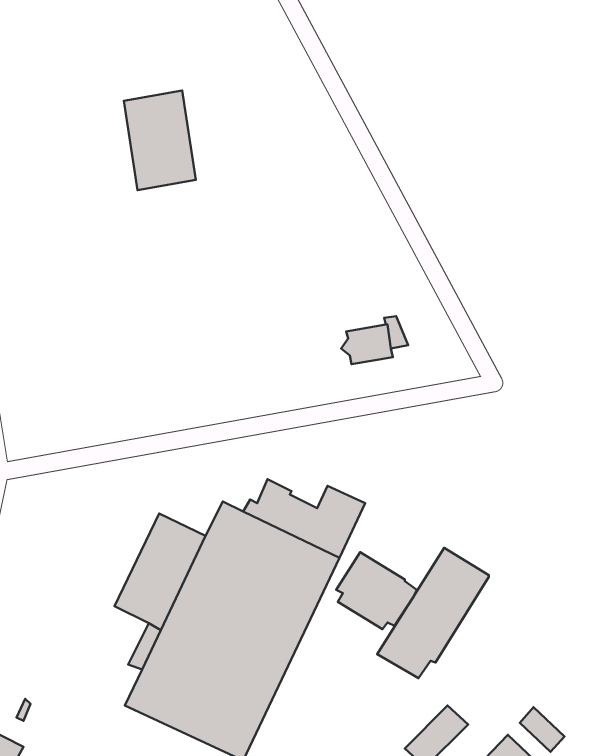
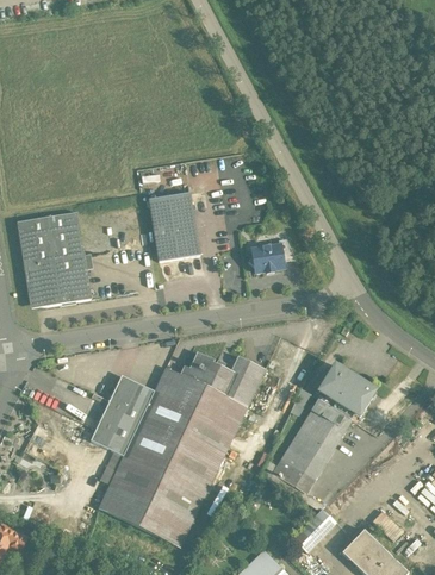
building: [124,91,196,190] -> [149,192,199,261]
building: none -> [17,212,91,305]
building: [336,552,417,629] -> [318,364,374,418]

